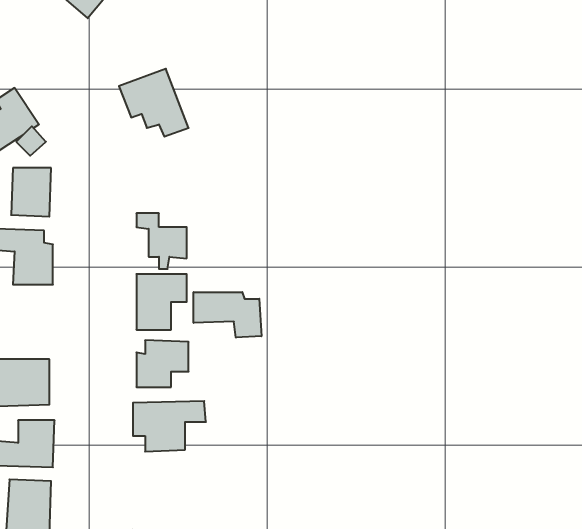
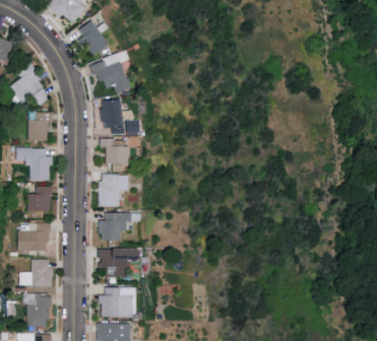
building: none -> [75,20,108,55]
building: none -> [101,99,140,134]
building: [194,292,261,338] -> none
building: none -> [26,186,52,211]
building: none -> [100,287,133,317]

